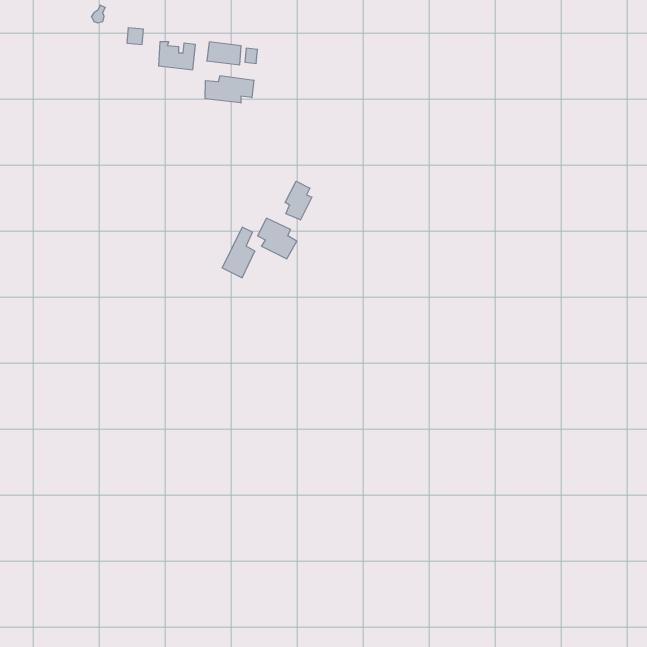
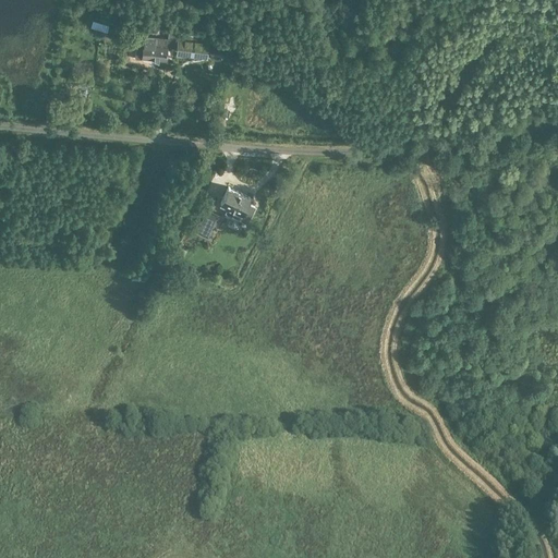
building: [205,76,254,103] -> none
building: [285,181,312,220] -> none

